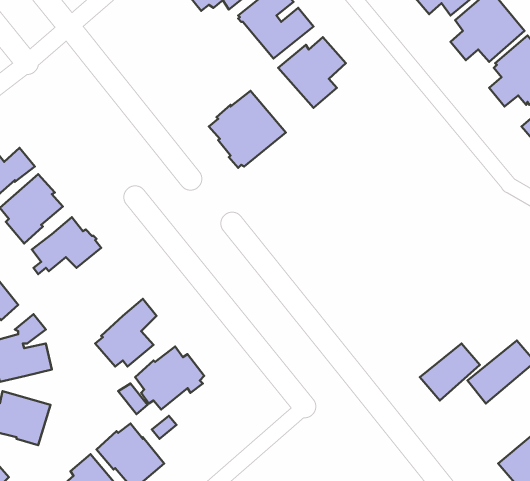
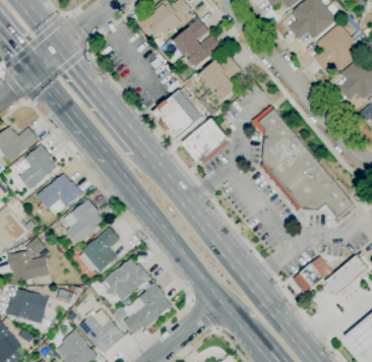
building: none -> [259,109,356,223]
building: none -> [182,118,229,164]
building: none -> [64,198,104,244]
building: none -> [124,281,171,334]

